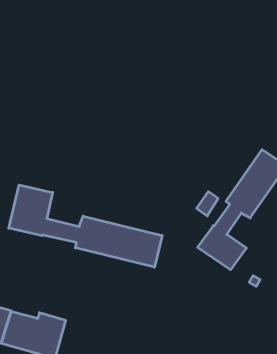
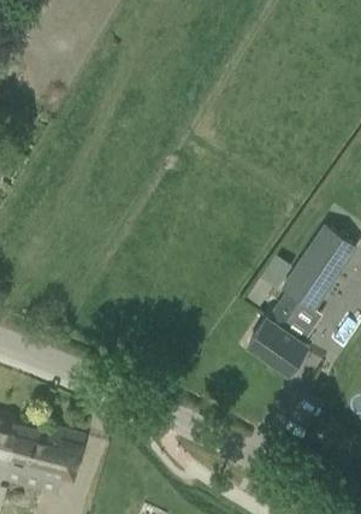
building: [9,185,162,267] -> none

